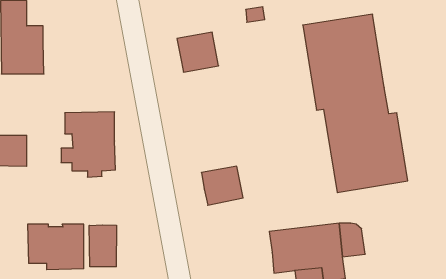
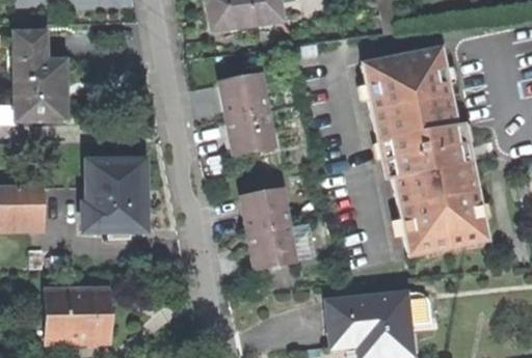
building: none -> [225,109,272,153]
building: none -> [239,188,287,231]
building: [89,225,116,267] -> none

